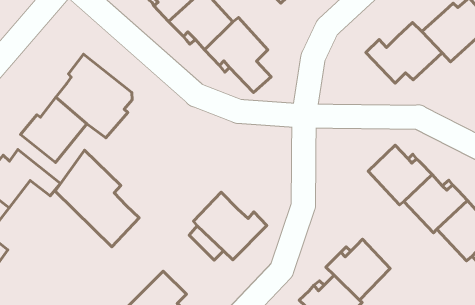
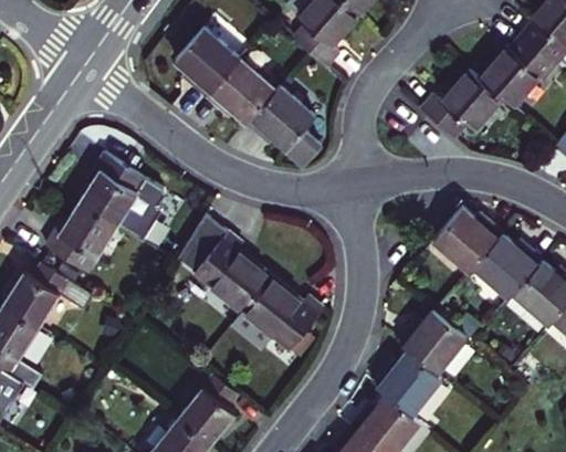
building: [55,150,139,247] -> [180,211,274,313]

